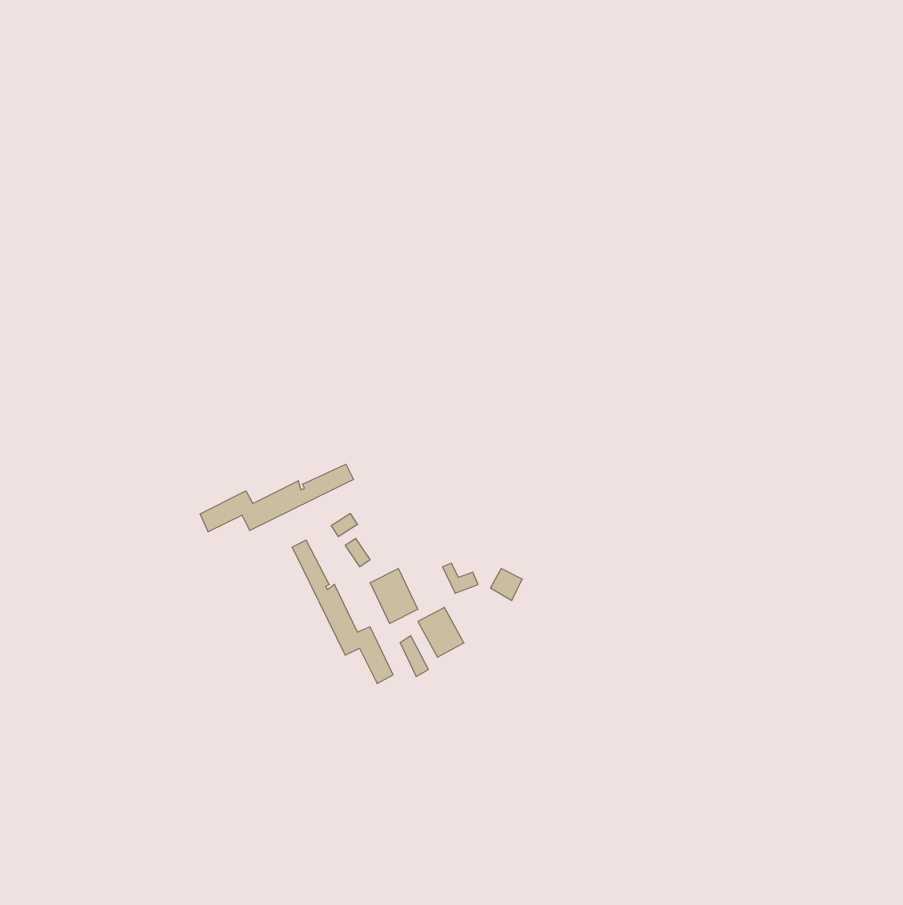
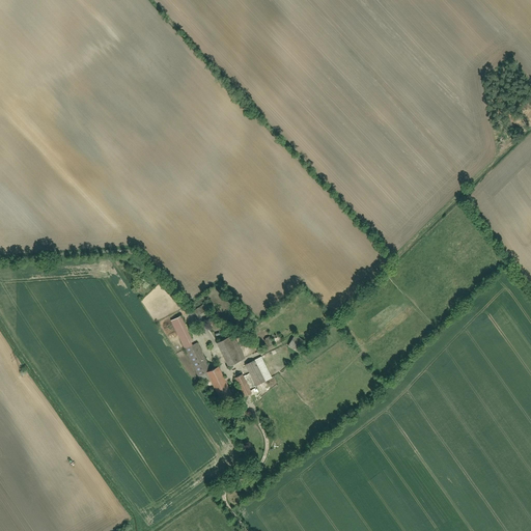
building: [200,464,353,532] -> none

